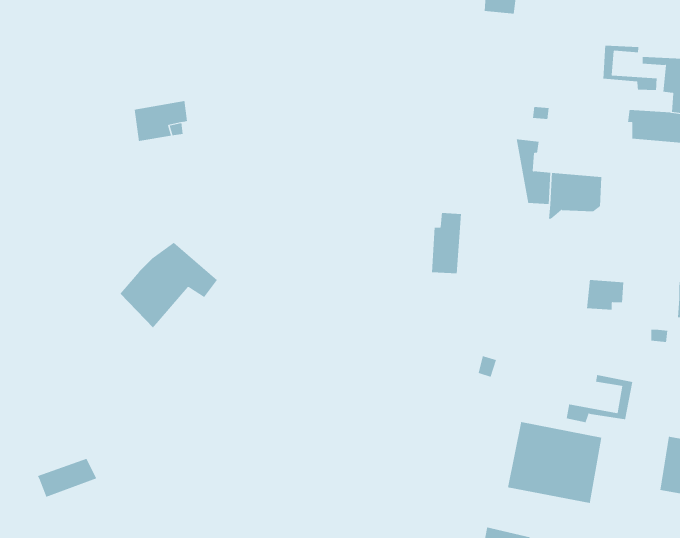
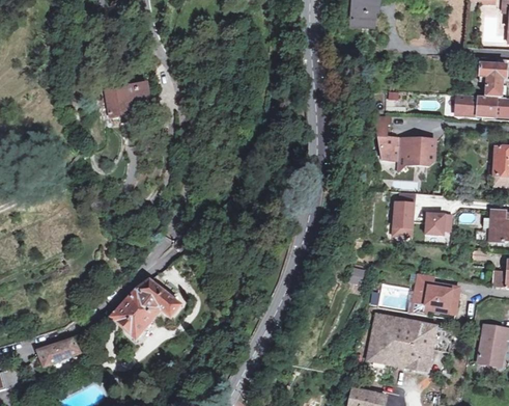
building: [603,45,657,91] -> none
building: [431,212,462,274] -> [393,192,415,236]
building: [120,242,218,329] -> [111,279,180,341]
building: none -> [413,271,450,307]

